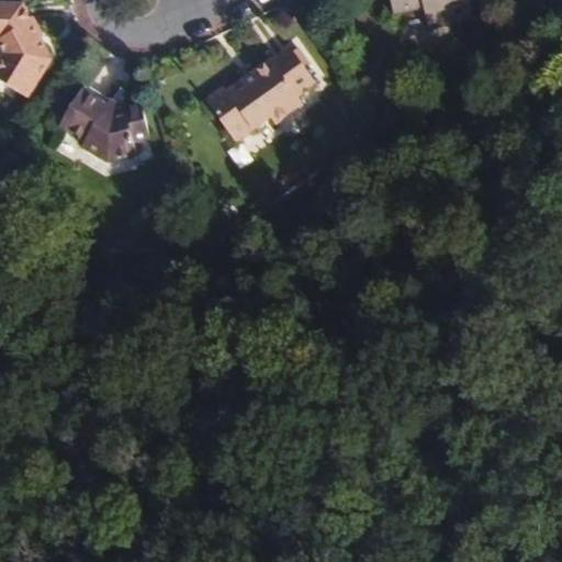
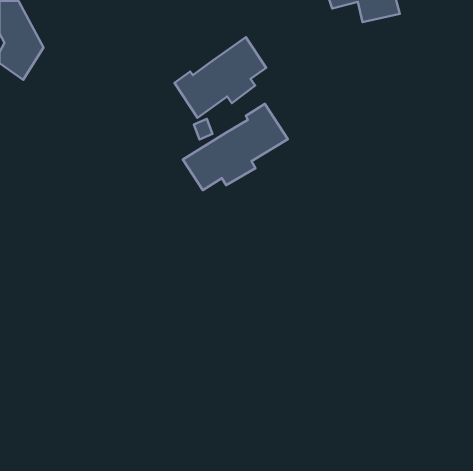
building: [59,89,149,158] -> none
building: none -> [183,104,288,190]

